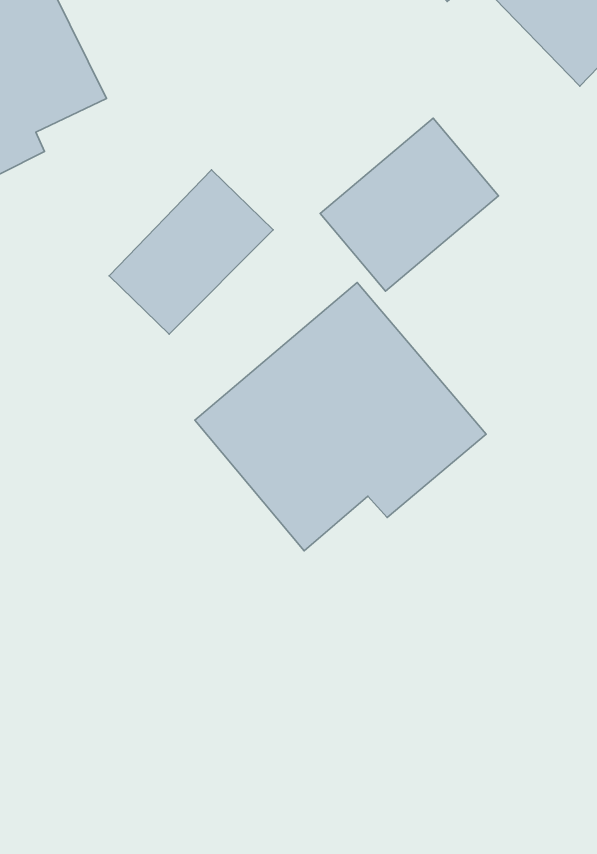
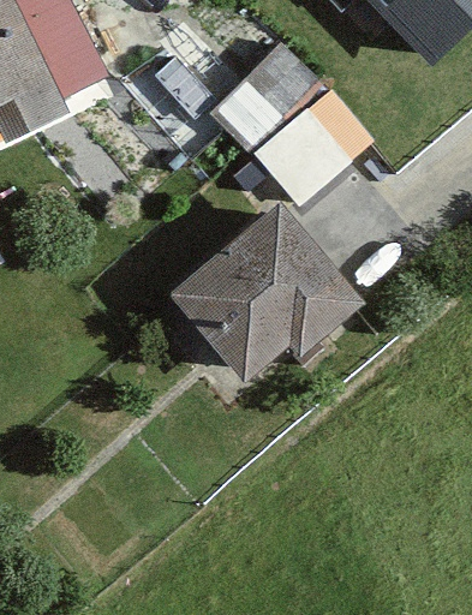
building: [109,170,273,334] -> [208,42,319,154]

